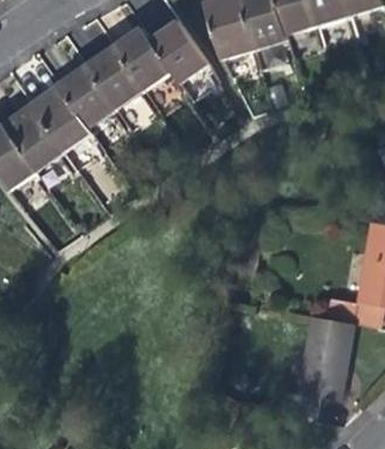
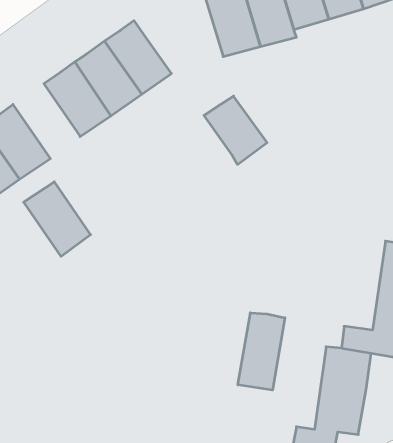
building: [147,18,205,81] -> [204,96,267,164]
building: [27,82,89,150] -> [24,182,91,256]
building: none -> [238,313,285,390]

